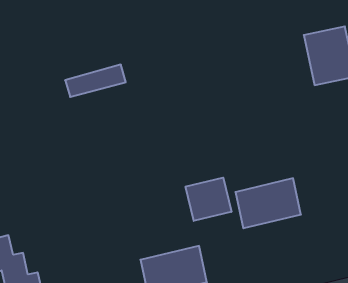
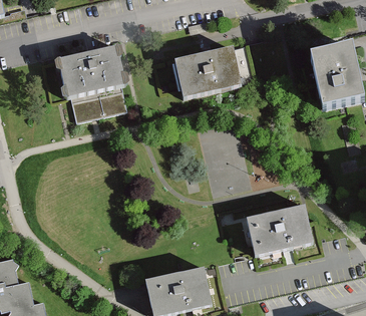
building: none -> [58,44,125,99]
building: none -> [174,47,243,98]
building: [186,178,231,221] -> none

